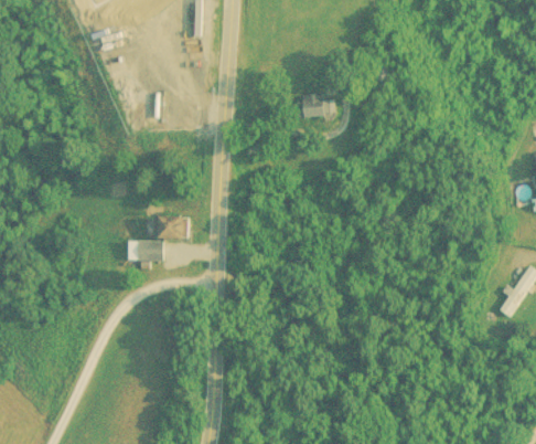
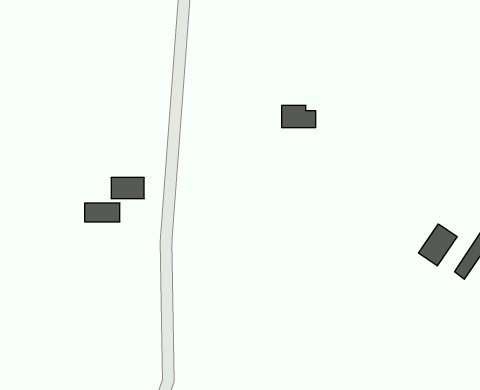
building: [300,95,334,117] -> [282,105,316,128]
building: none -> [419,224,457,266]

